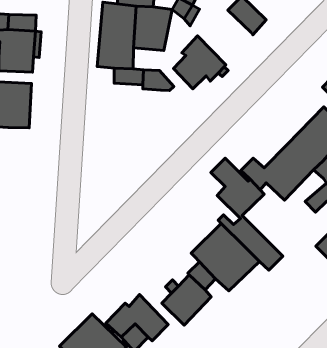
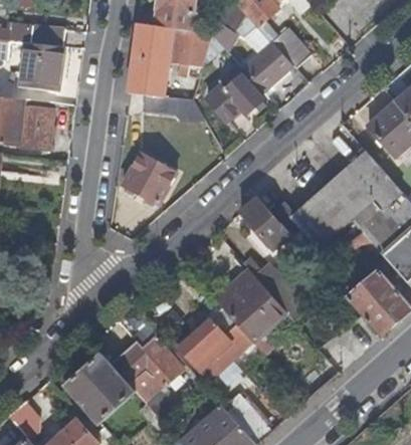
building: none -> [241,39,293,91]
building: none -> [121,155,173,206]

